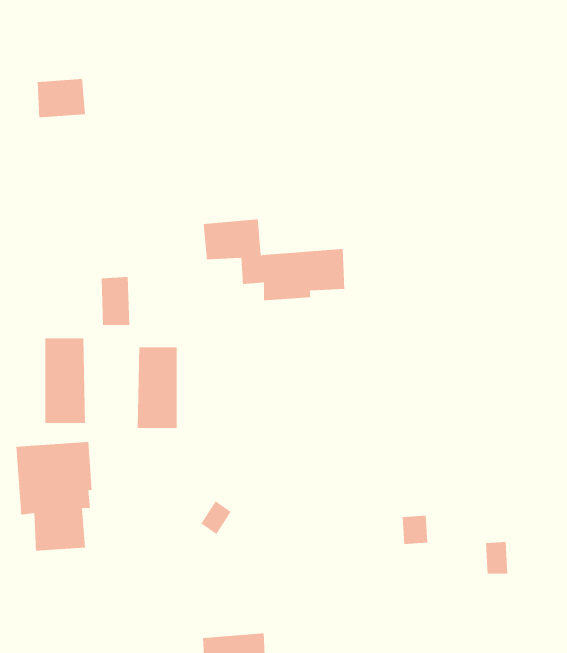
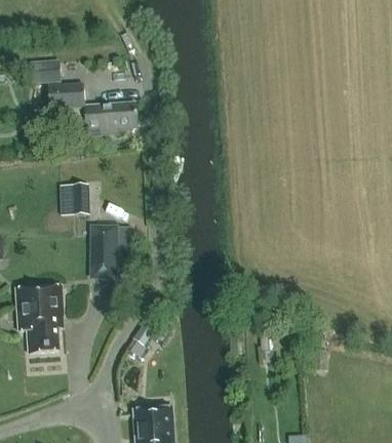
building: [203,219,345,301] -> [46,82,135,133]
building: [45,337,85,424] -> none

